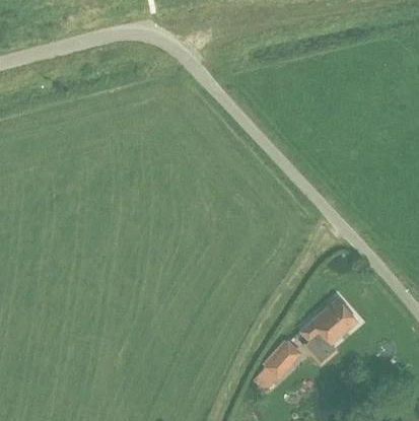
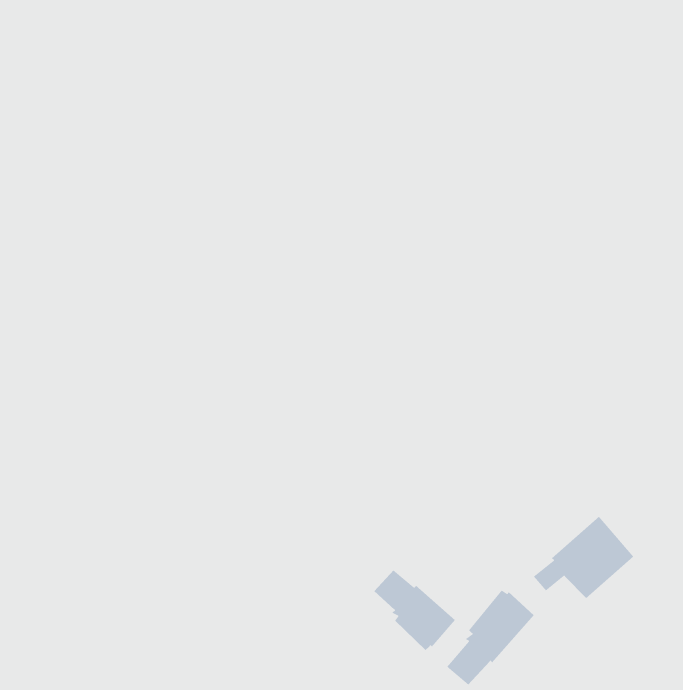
building: none -> [373,570,456,651]

